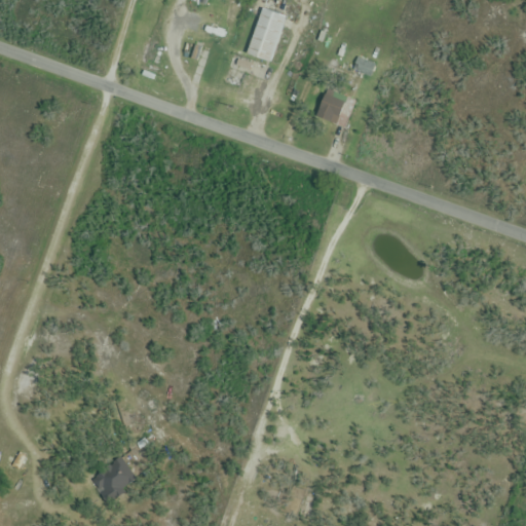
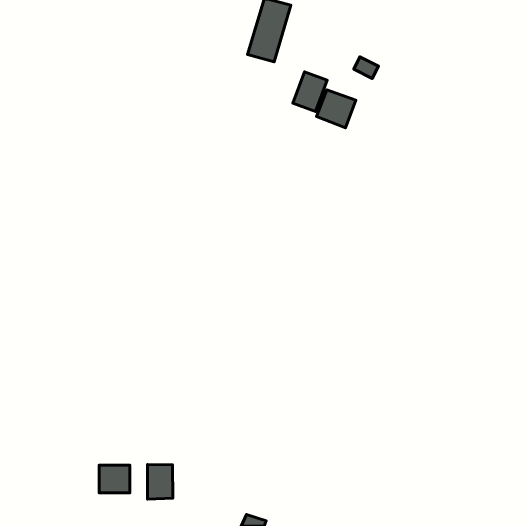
building: none -> [293,72,327,112]
building: none -> [148,465,173,499]

